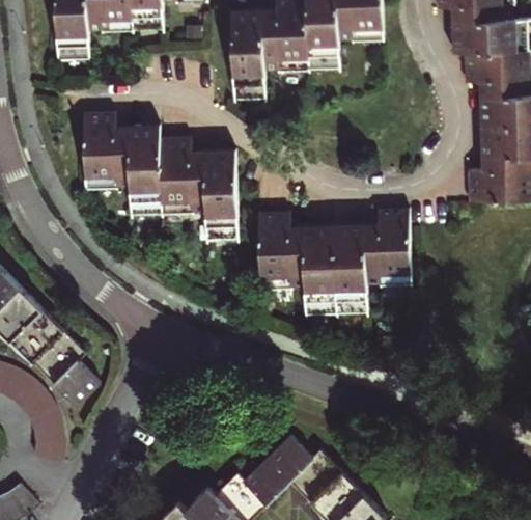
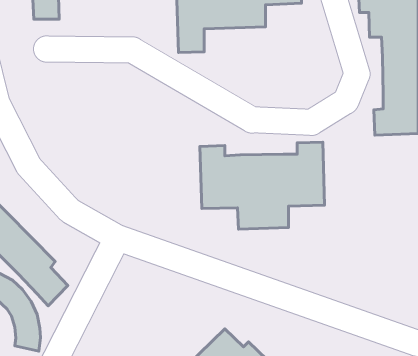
building: [83,112,237,237] -> none

